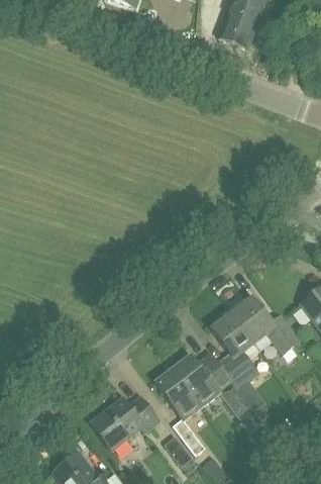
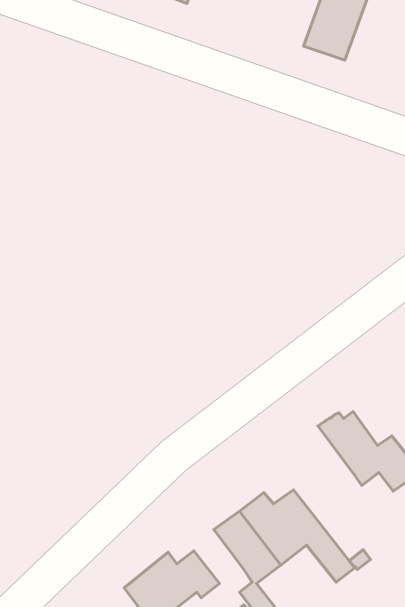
building: [211,307,260,390] -> none

